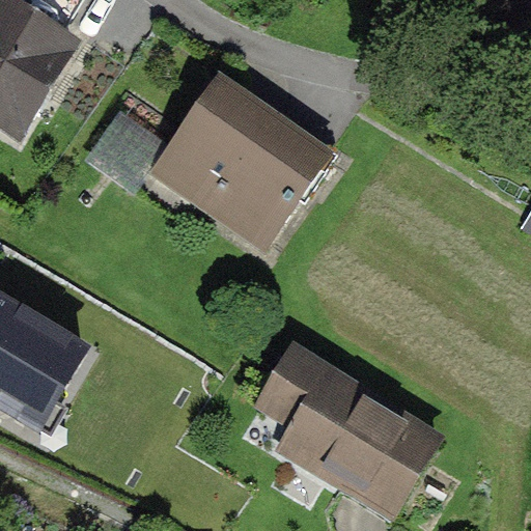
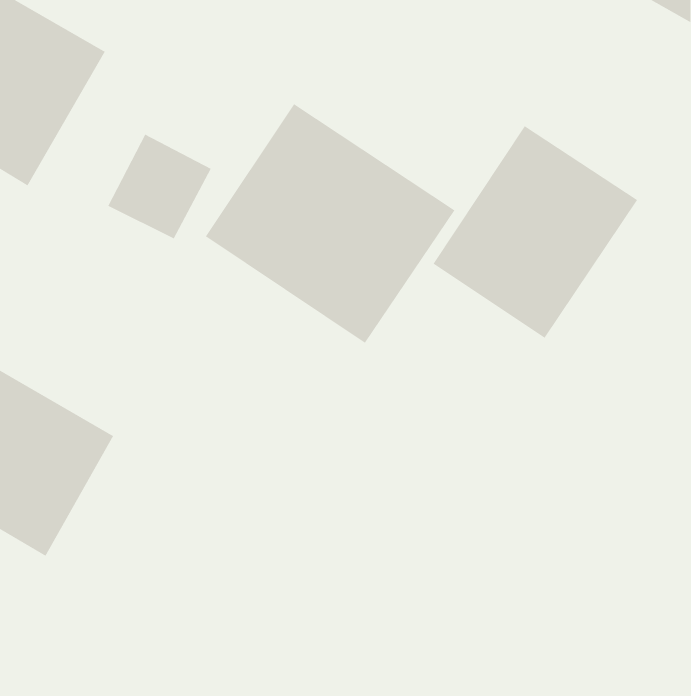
building: none -> [432,125,638,339]
building: [247,334,428,512] -> none

